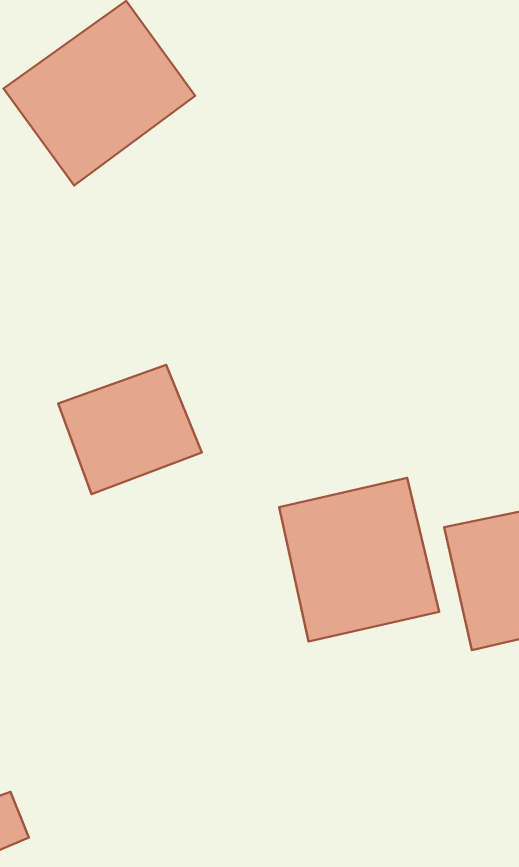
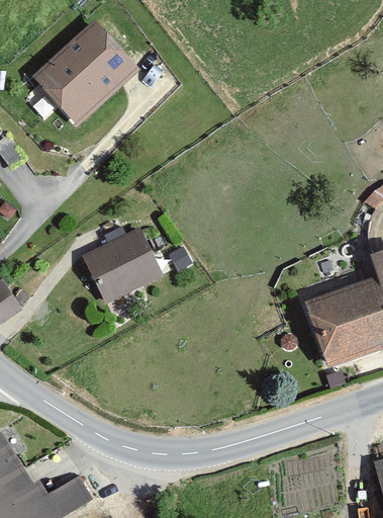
building: [279,478,439,642] -> none

